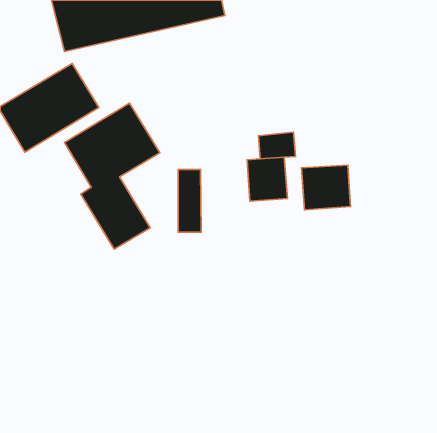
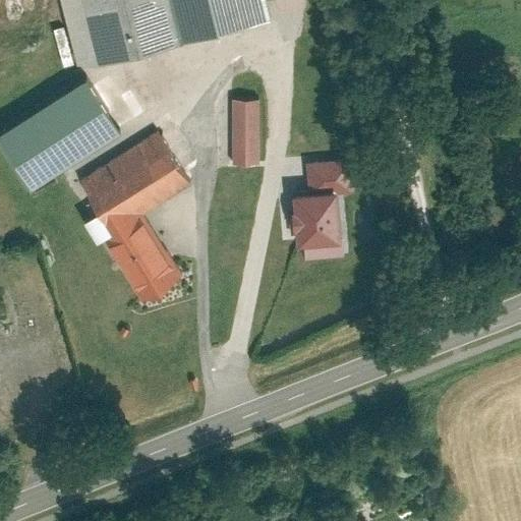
building: [302,165,351,210] -> none
building: [178,170,201,232] -> [230,93,257,167]

